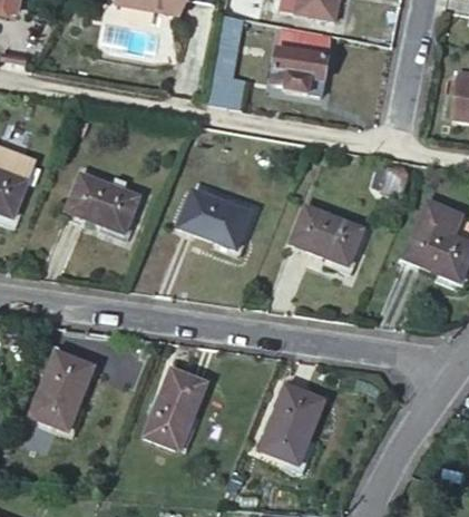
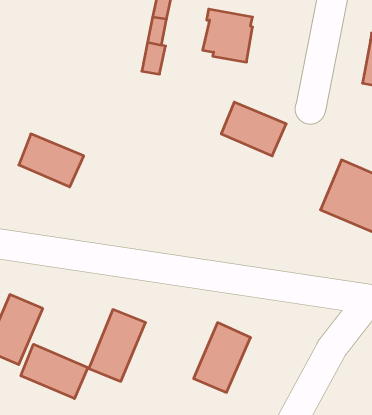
building: [176,191,248,251] -> none
building: [291,206,363,266] -> [221,102,286,156]
building: none -> [21,344,88,399]

